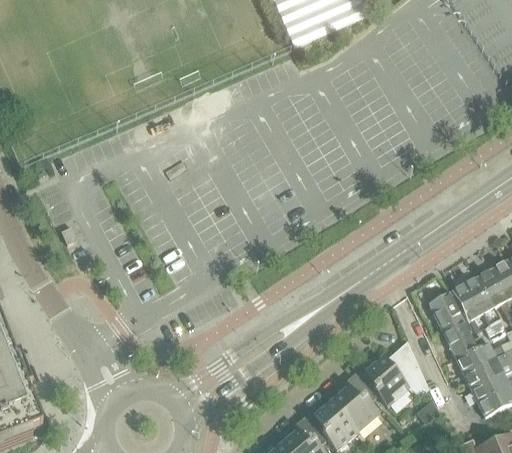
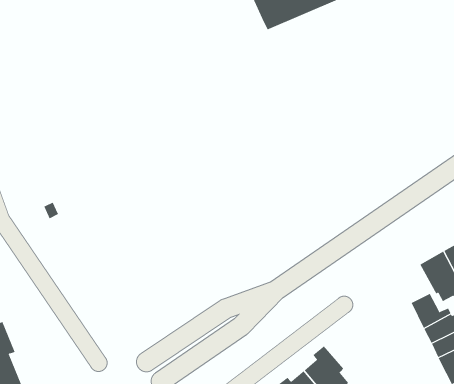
building: [429,293,462,331] -> none
building: [352,342,428,406] -> none

